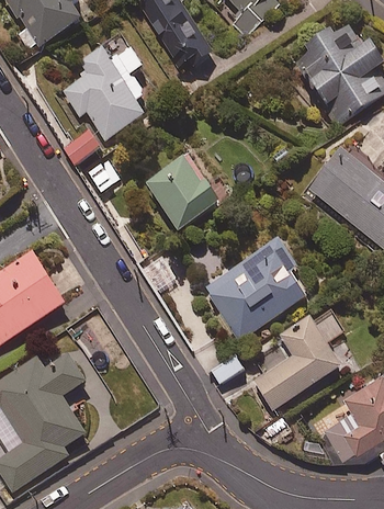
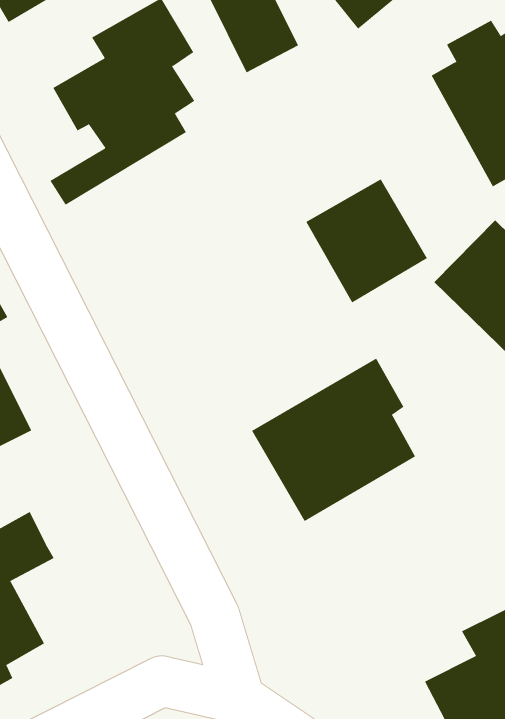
building: [146,151,223,229] -> [305,178,428,303]
building: [250,303,343,411] -> none

